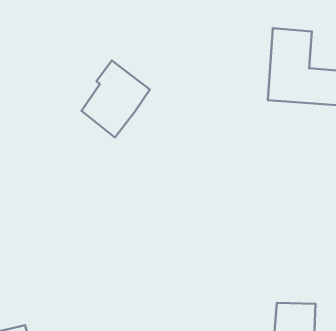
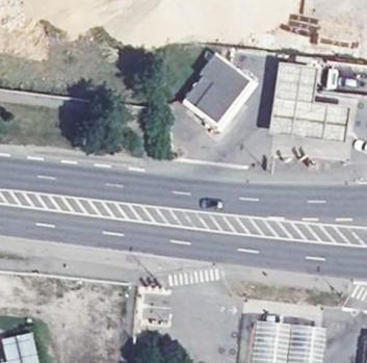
building: [82,60,150,138] -> [187,47,253,120]

